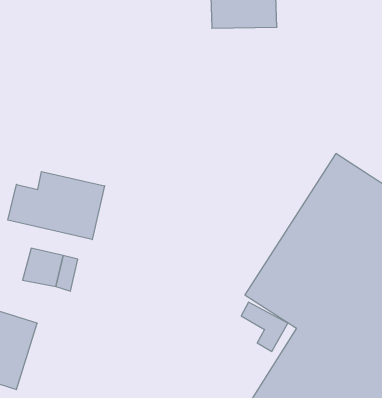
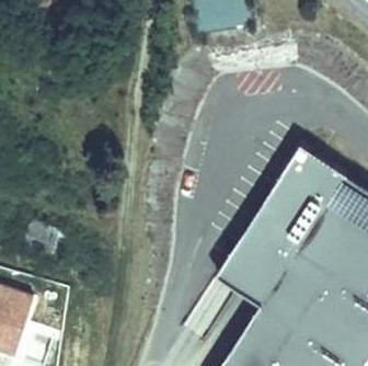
building: [8,172,105,240] -> none

